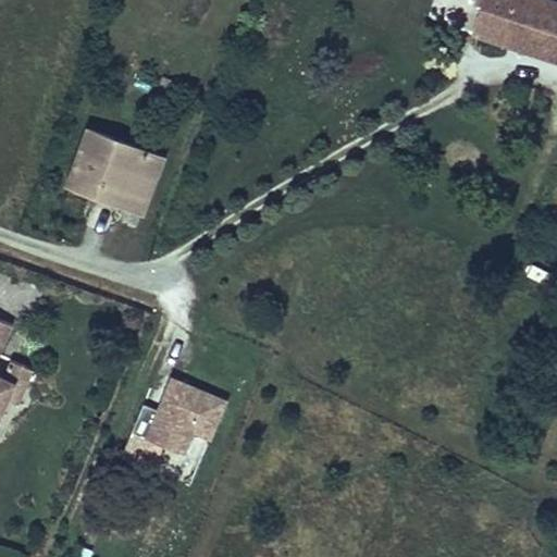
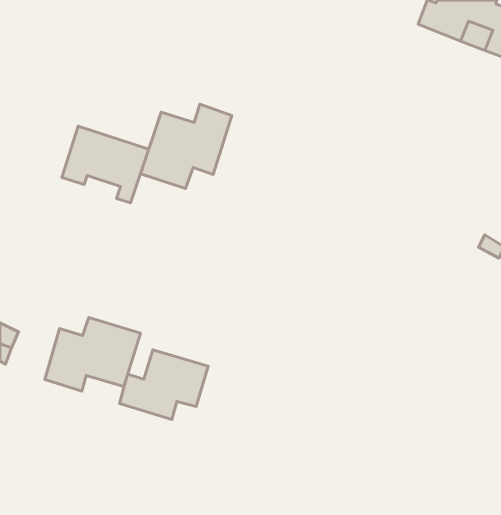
building: none -> [140,104,232,188]
building: none -> [45,318,140,391]

